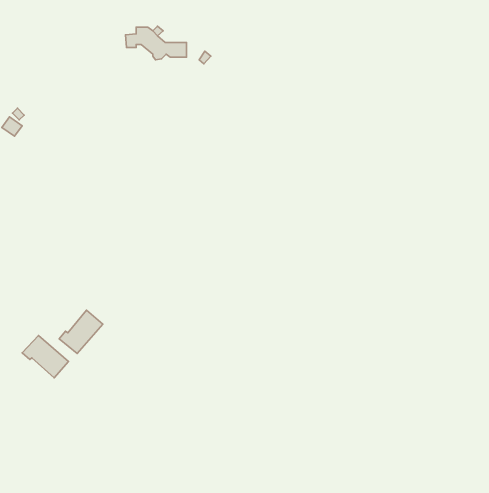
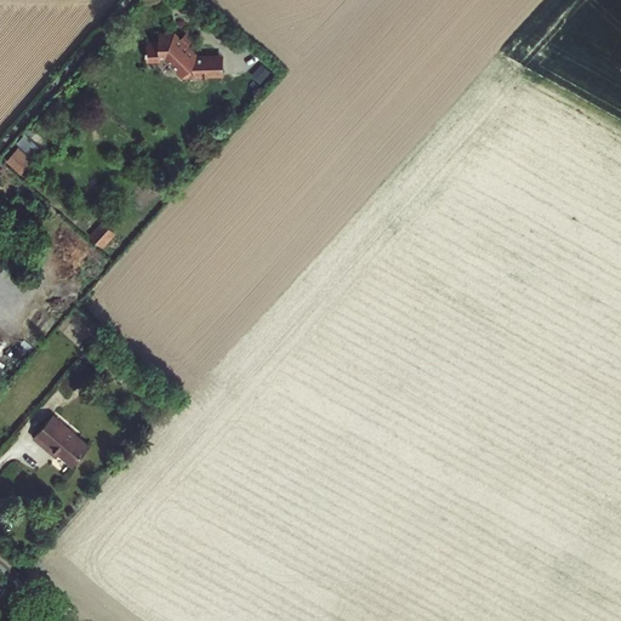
building: [59,310,103,353] -> none

